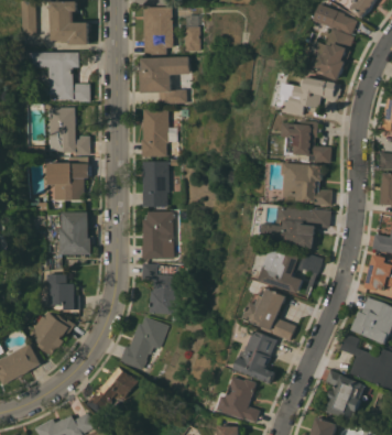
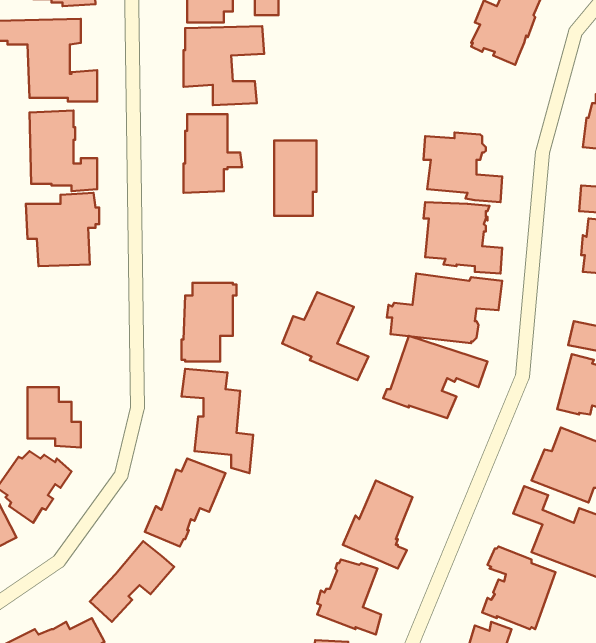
building: [284,78,341,116] -> none
building: [141,162,166,207] -> [274,141,316,216]
building: [56,211,89,254] -> none
building: [244,287,296,340] -> [282,292,368,380]

